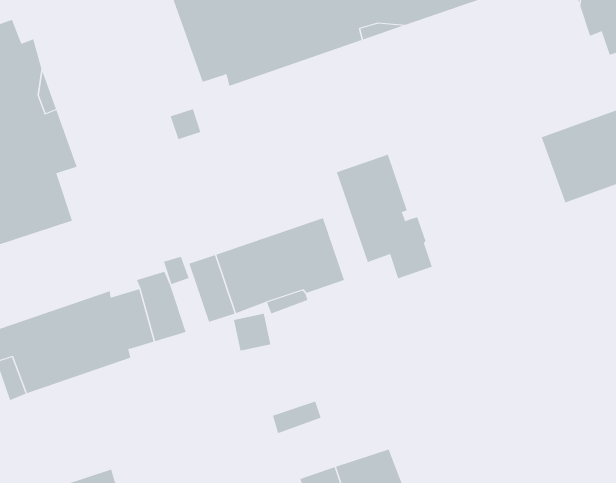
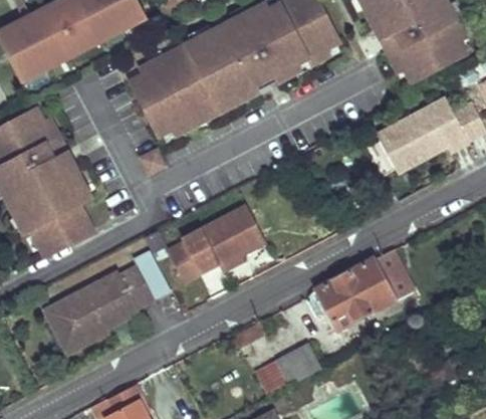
building: [336,154,432,279] -> none
building: none -> [316,251,413,331]

